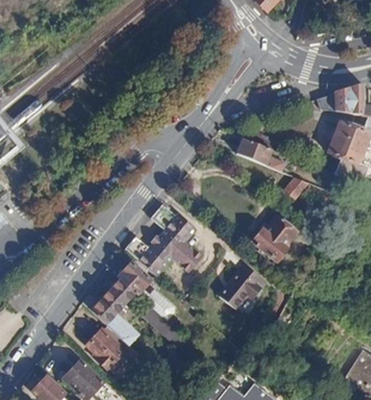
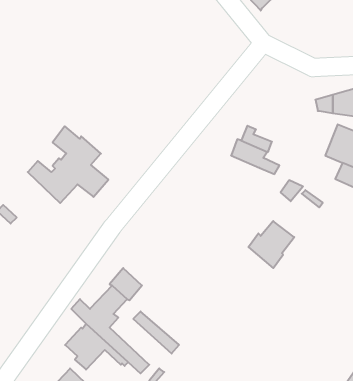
building: [124,204,202,278] -> [28,126,108,203]
building: [214,261,266,311] -> none

